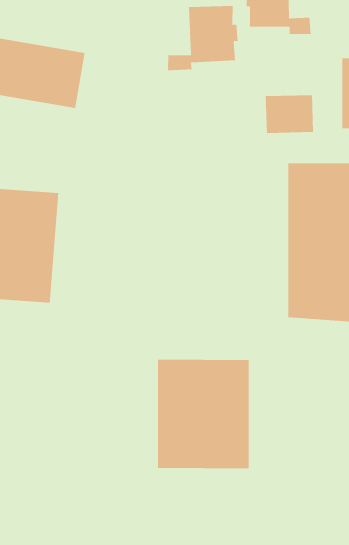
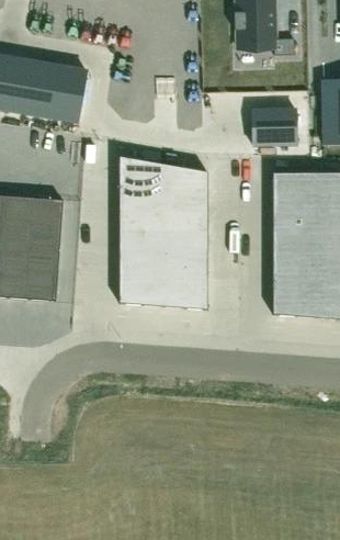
building: [167,5,238,71] -> none
building: none -> [118,156,207,310]
building: [157,359,250,469] -> none

